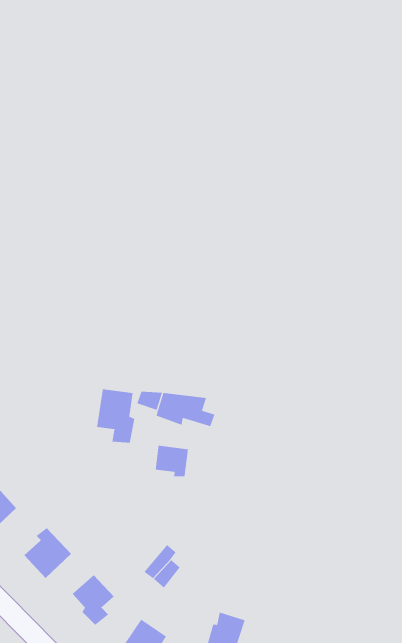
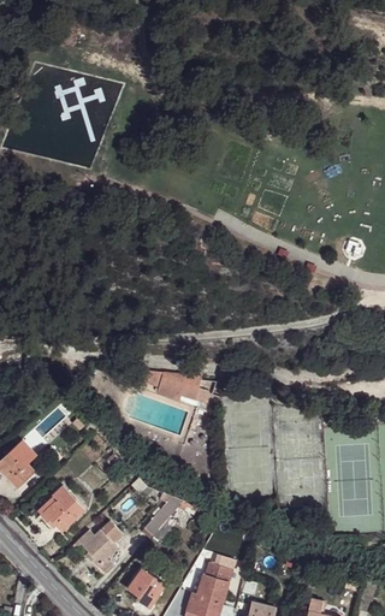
building: [97,389,135,443] -> none
building: [155,445,188,477] -> none

